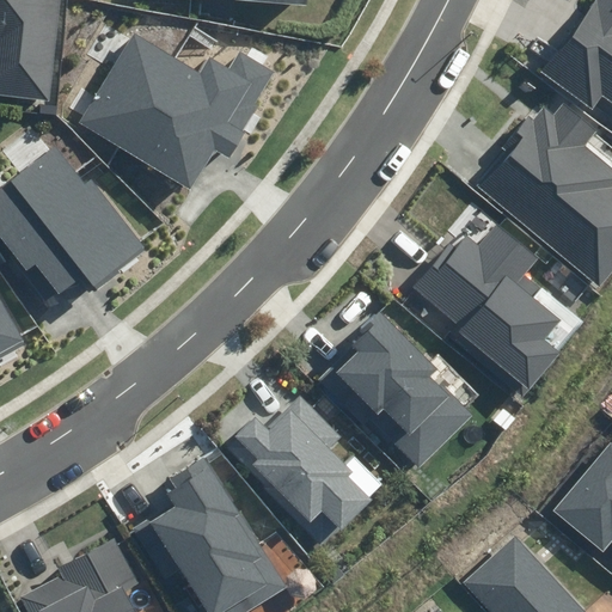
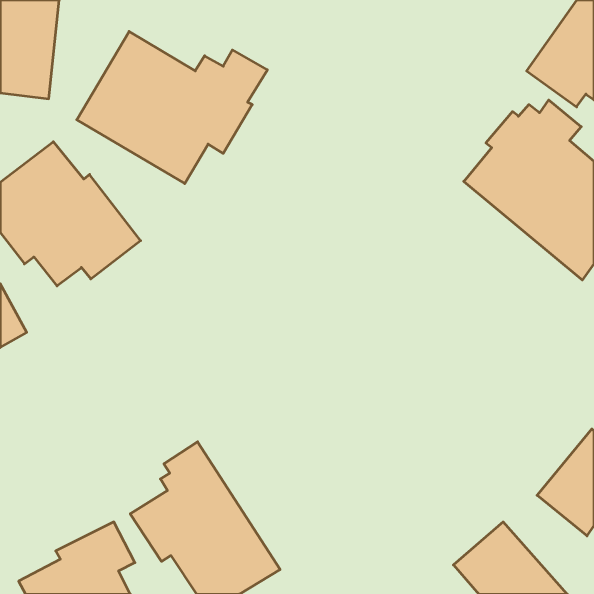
building: [414,224,559,391] -> none
building: [319,312,471,467] -> none
building: [227,394,371,545] -> none

